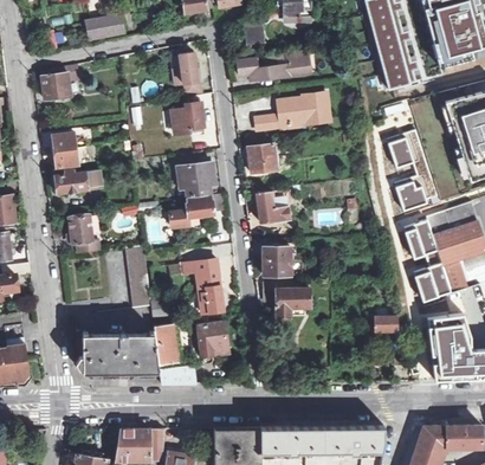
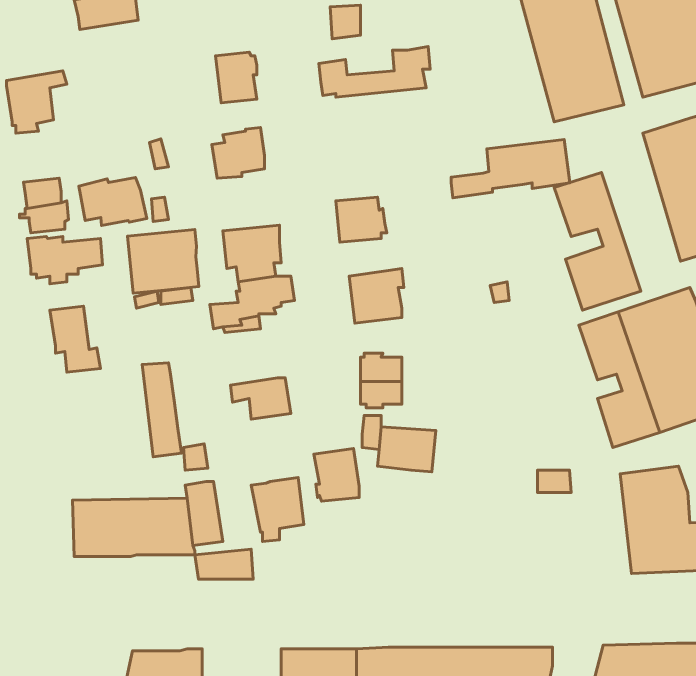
building: [256,95,330,131] -> [451,139,570,198]
building: none -> [79,177,147,225]
building: none -> [128,230,199,293]
building: [195,280,224,314] -> [314,448,359,501]

